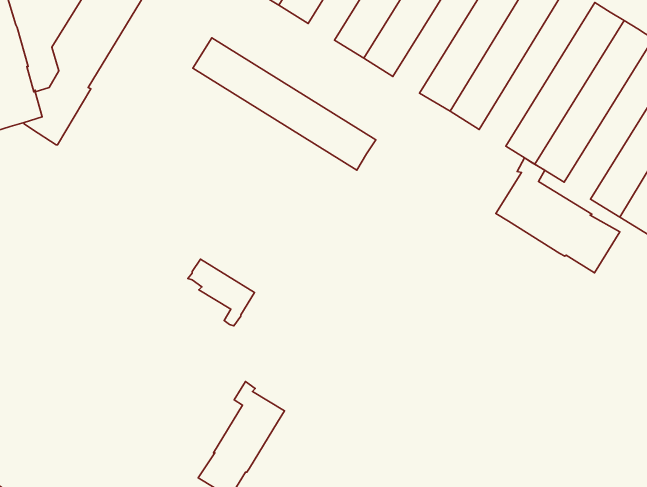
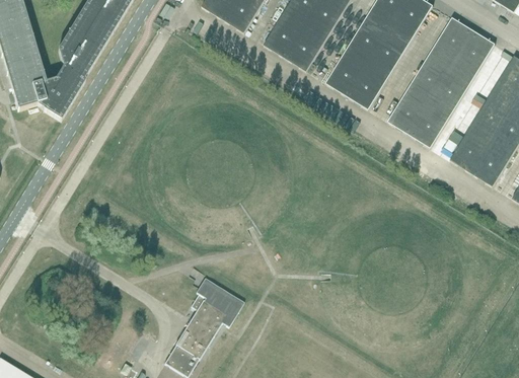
building: [193,38,376,170] -> none
building: [496,158,620,273] -> none
building: [188,259,255,326] -> [196,277,244,325]

